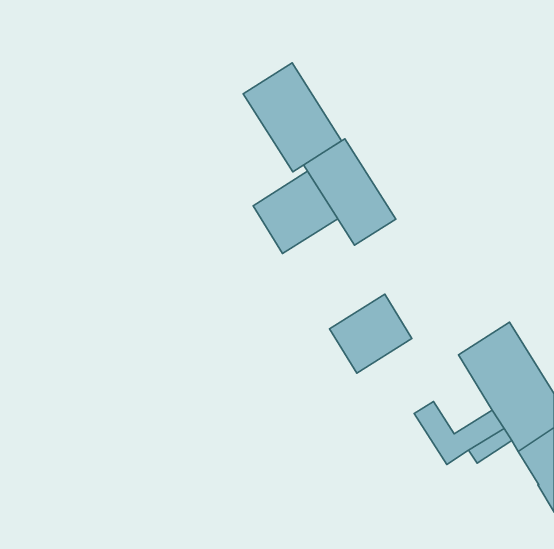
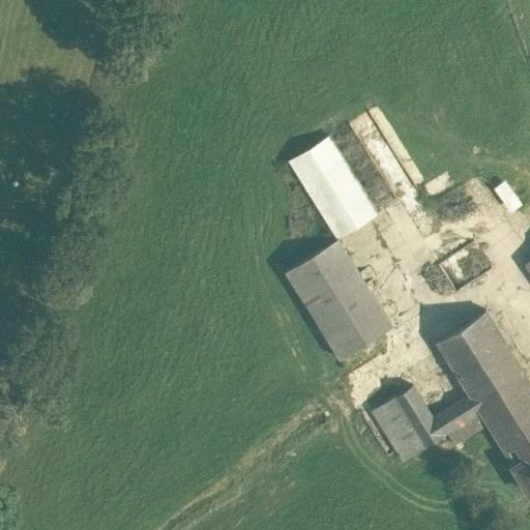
building: [243,63,342,172] -> none
building: [253,171,338,254] -> [287,240,367,319]
building: none -> [374,400,426,463]

